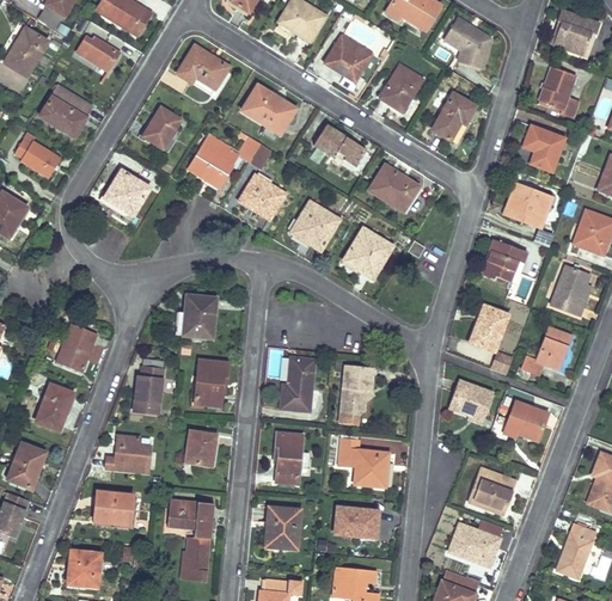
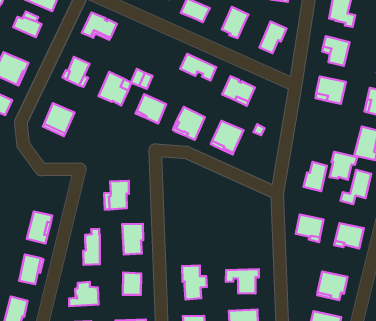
building: [240,85,294,134] -> none
building: [482,239,526,282] -> [329,152,357,180]
building: [279,357,313,411] -> none
building: [339,363,372,413] -> none

